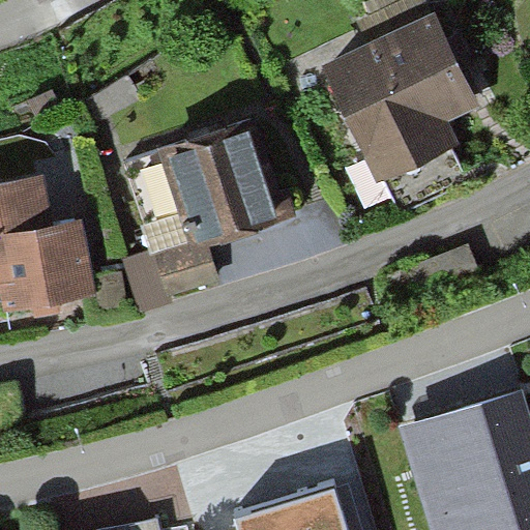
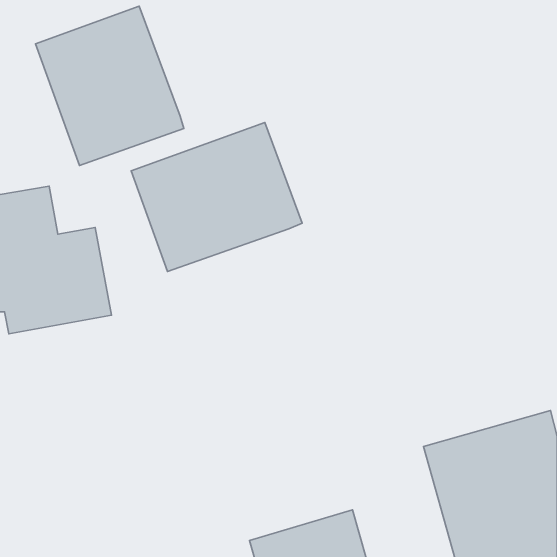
building: none -> [35,6,184,165]
building: [324,22,477,184] -> none

